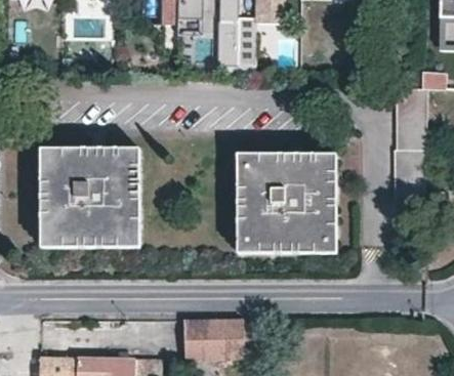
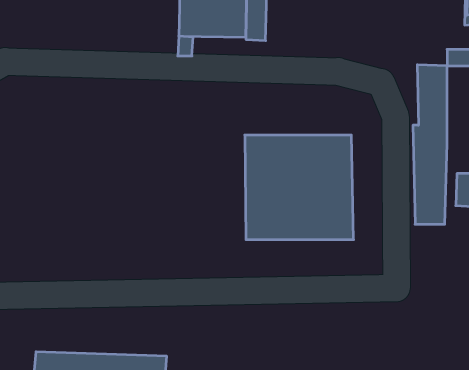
building: [41,147,138,245] -> none
building: [183,316,244,360] -> none

